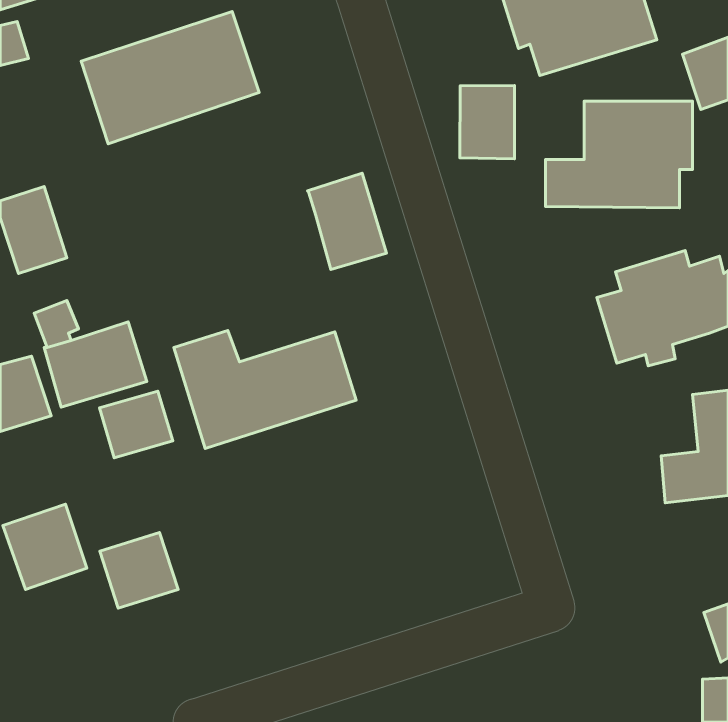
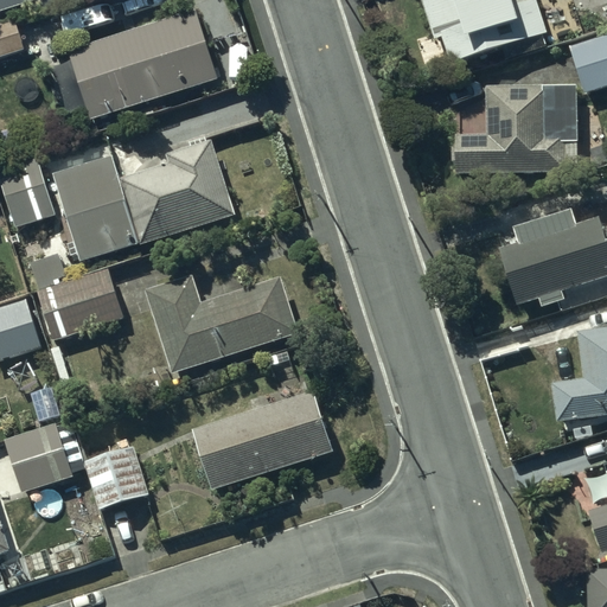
building: [460,85,514,159] -> none
building: none -> [53,139,236,262]
building: [307,173,386,270] -> none
building: [99,391,173,458] -> none
building: none -> [191,388,332,490]

